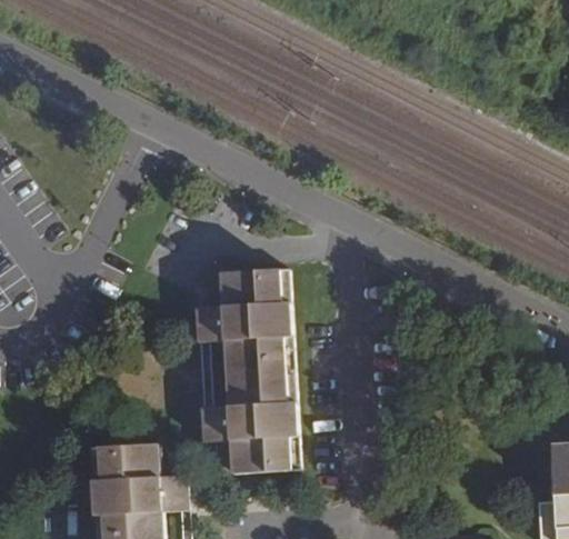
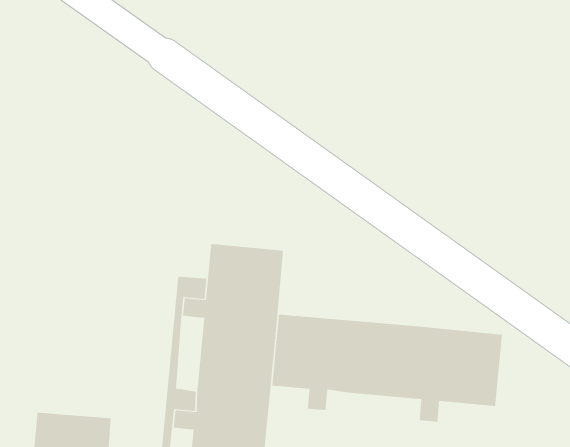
building: none -> [272,314,502,422]

